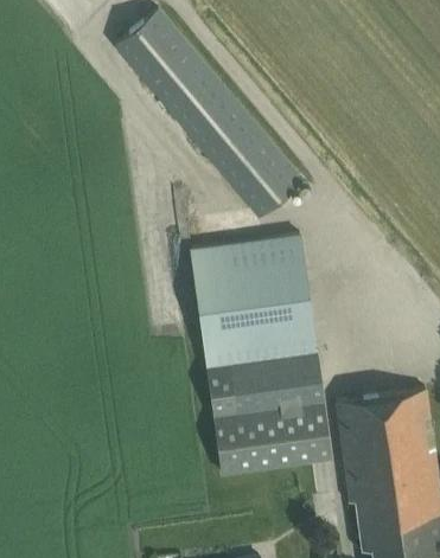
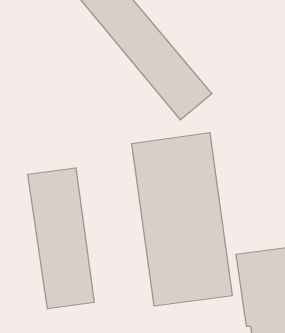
building: none -> [28,168,94,309]

